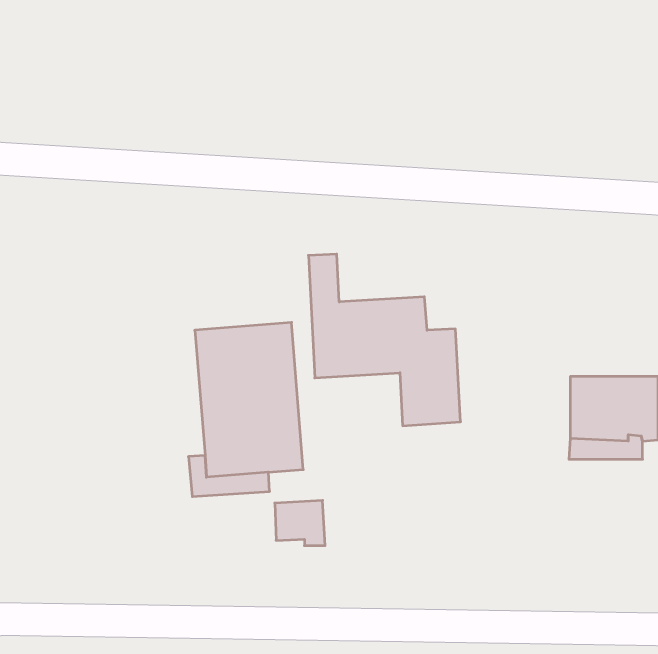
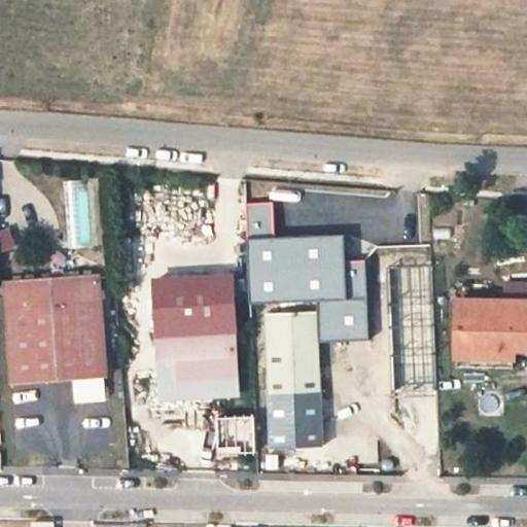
building: none -> [6,262,110,376]
building: none -> [264,318,320,449]

